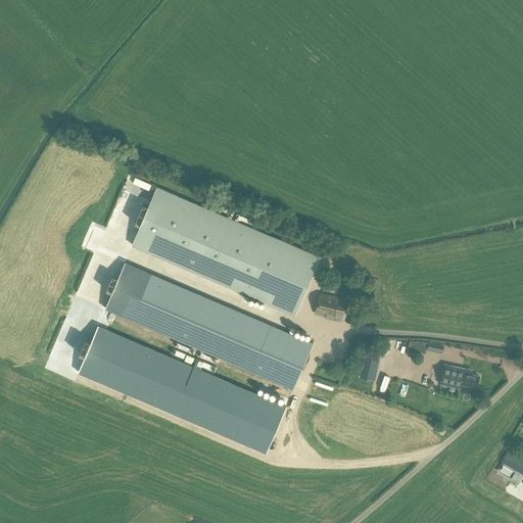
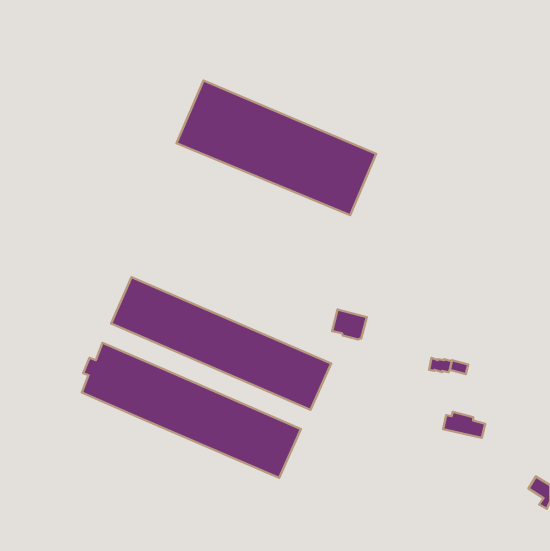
building: [130,189,319,317] -> [177,81,376,215]
building: [439,364,479,388] -> [443,412,485,438]

